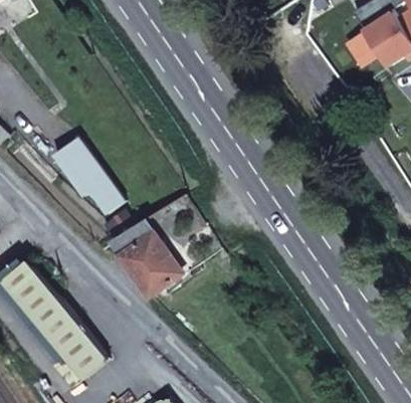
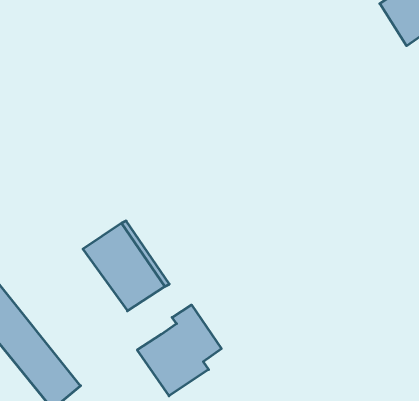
building: [51,138,121,214] -> none
building: none -> [137,305,221,396]

